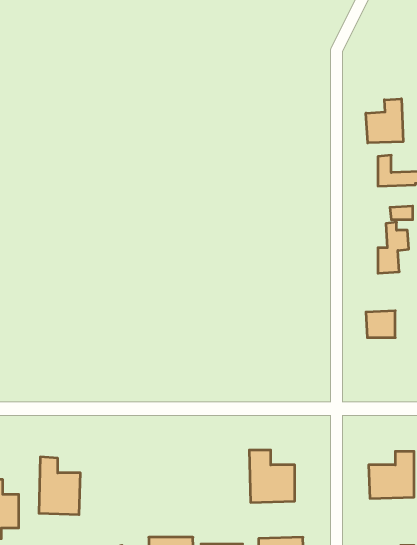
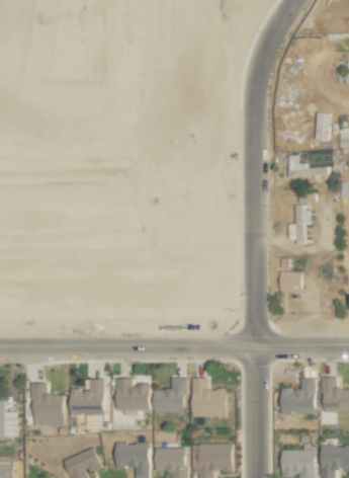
building: [366,99,403,143] -> none
building: none -> [69,378,103,415]
building: none -> [115,378,148,413]
building: none -> [153,378,184,412]

